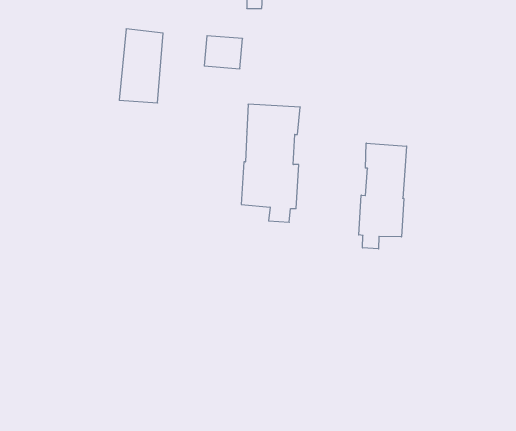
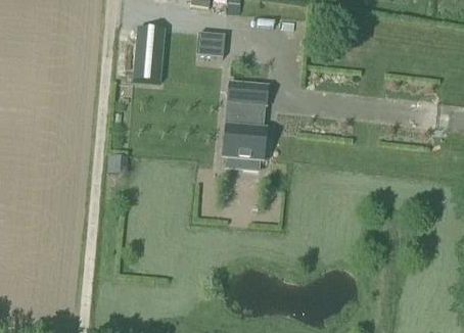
building: [359,143,407,249] -> none

